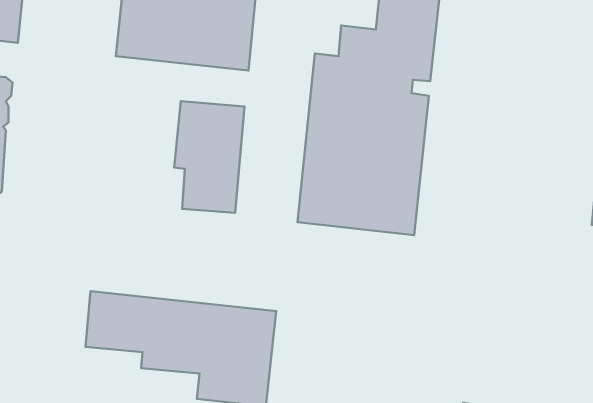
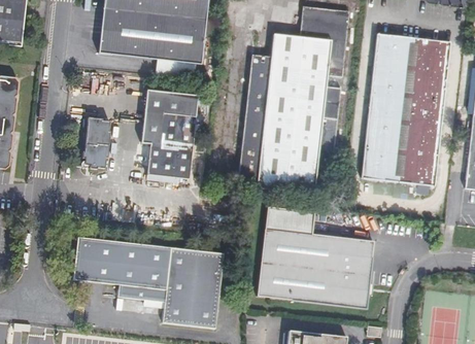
building: none -> [361,32,450,184]
building: none -> [82,117,110,168]
building: none -> [260,207,372,305]

